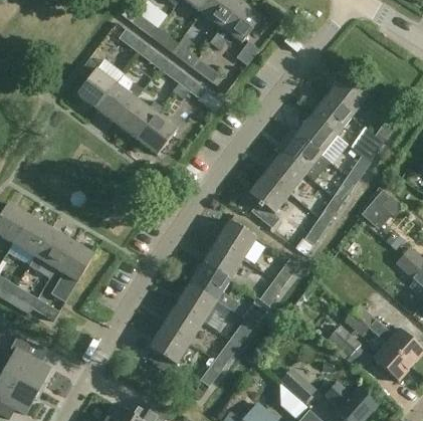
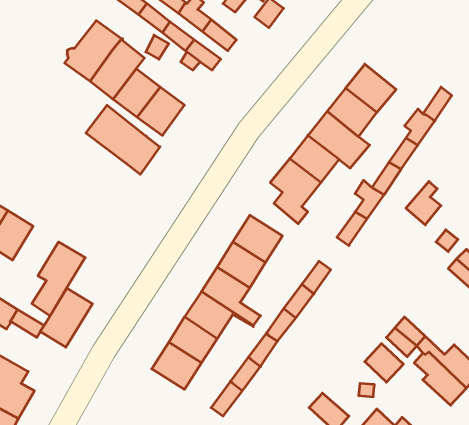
building: [327,75,369,116] -> none
building: none -> [86,105,160,174]
building: [29,229,72,278] -> [40,288,92,347]

